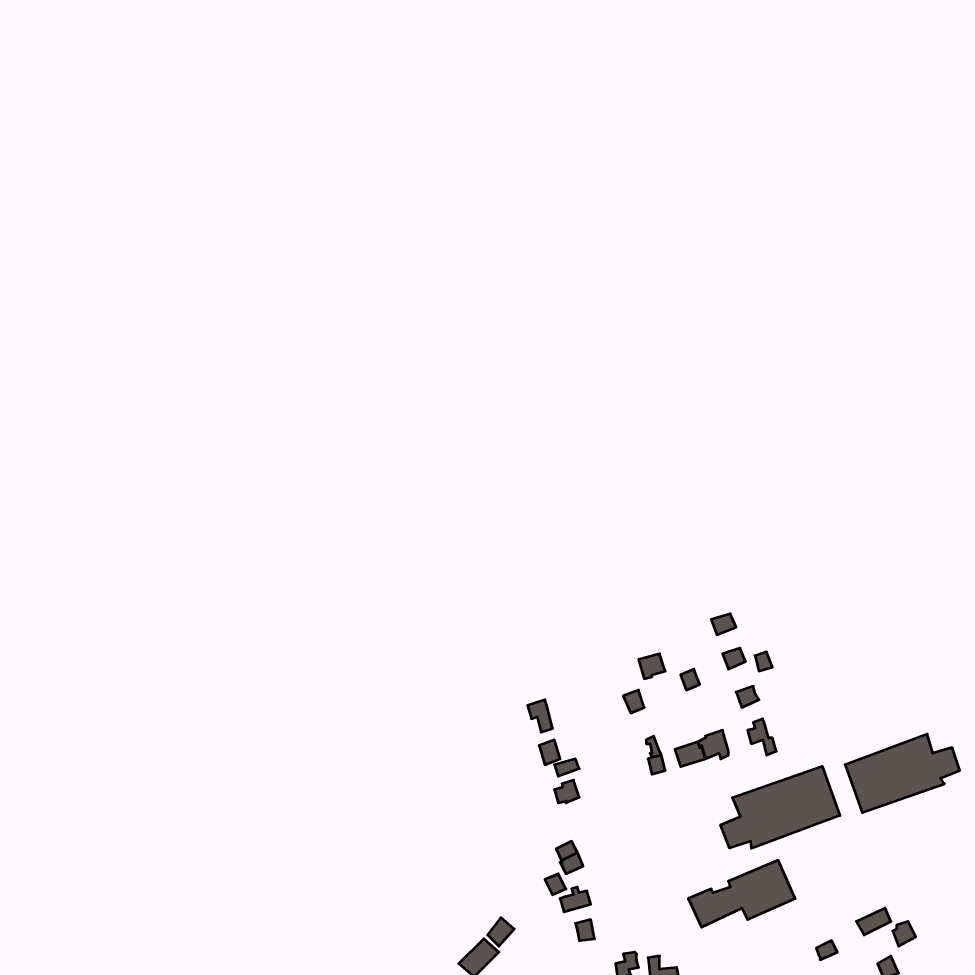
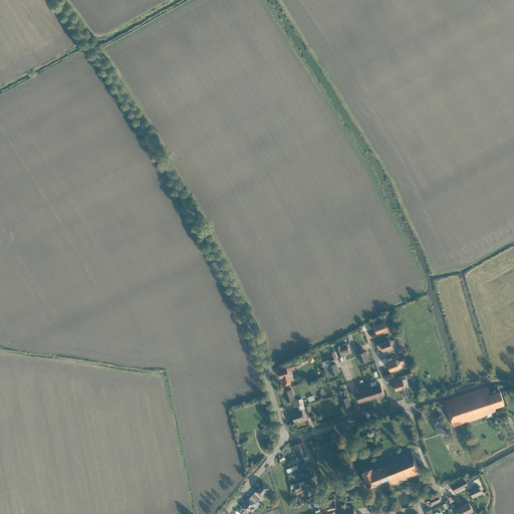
building: [721,766,840,848] -> none

